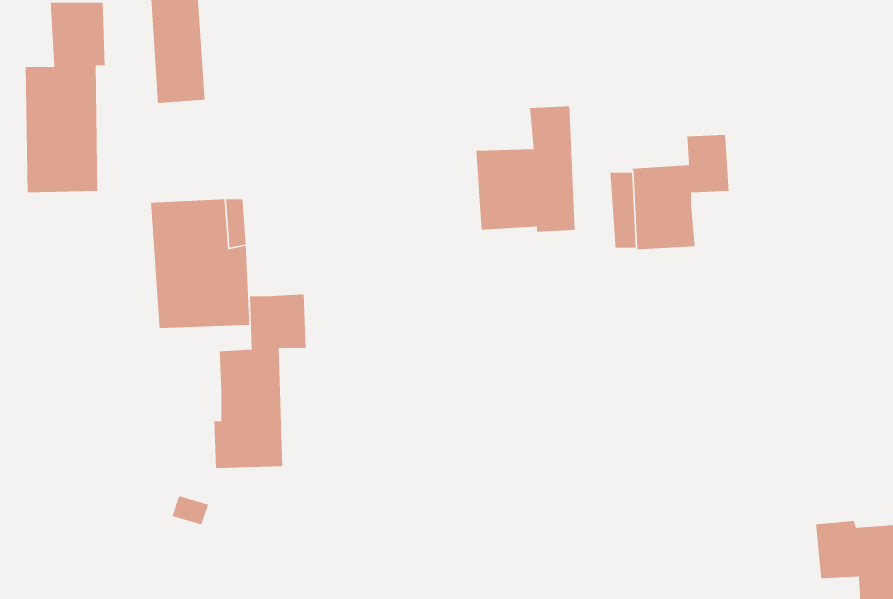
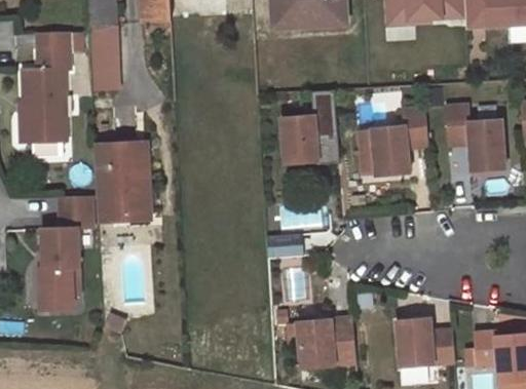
building: none -> [443,105,501,170]
building: [213,294,306,469] -> [37,196,90,297]
building: none -> [299,315,358,366]
building: none -> [398,317,457,366]

